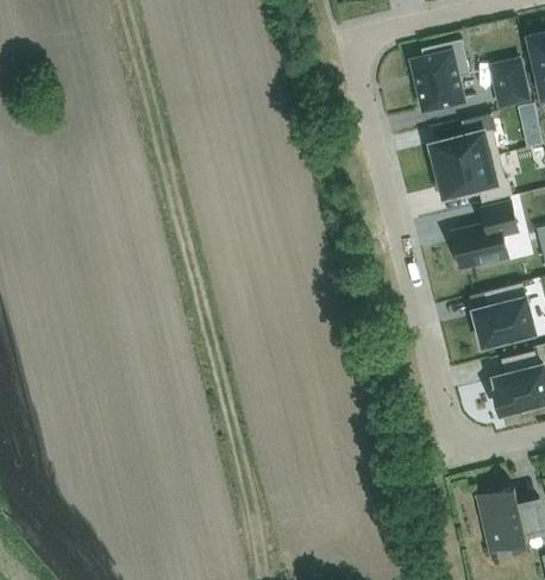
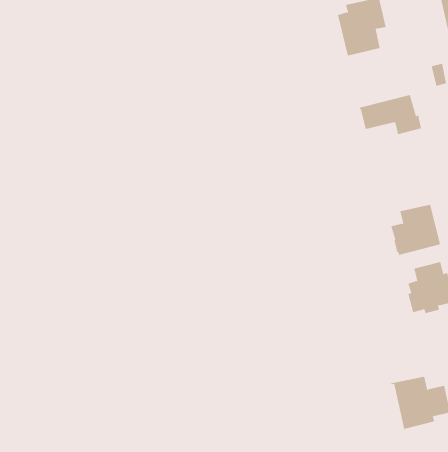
building: [490,61,527,106] -> none
building: [431,114,497,171] -> none
building: [451,203,516,267] -> none

